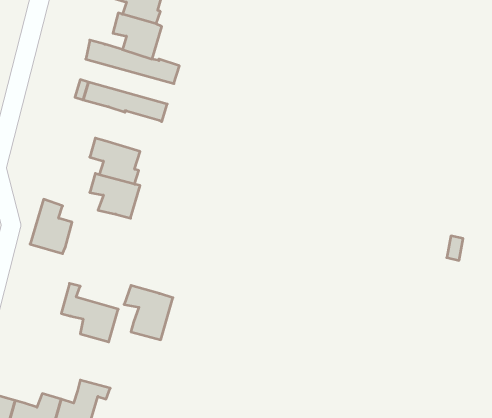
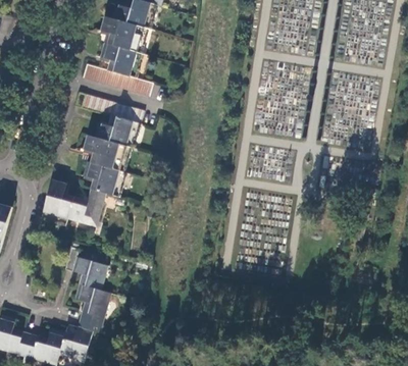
building: none -> [96,115,137,147]
building: none -> [66,189,104,226]
building: [124,285,173,340] -> [72,282,109,323]

